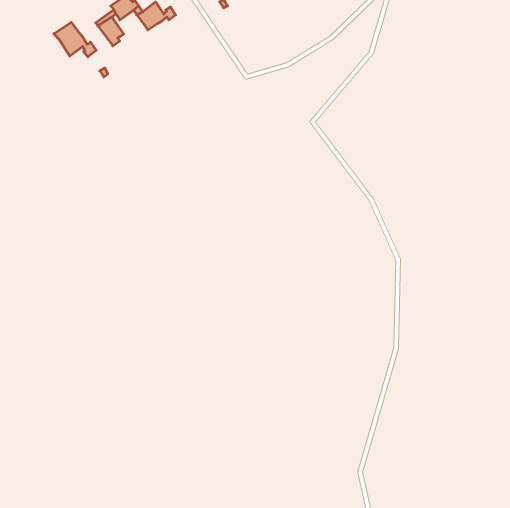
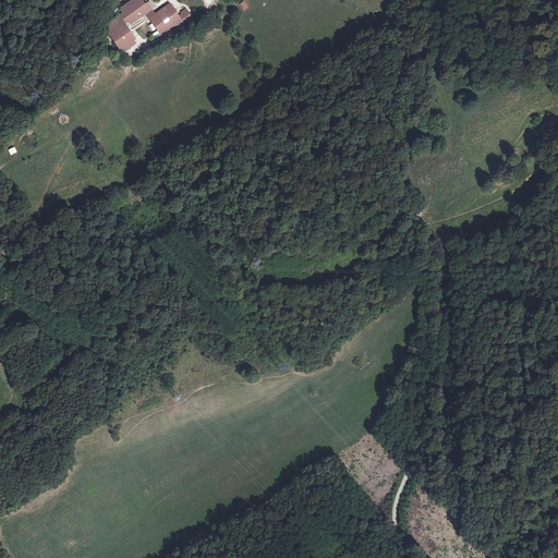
building: [54,22,96,57] -> none

